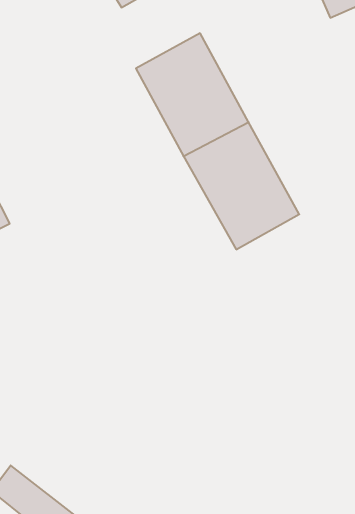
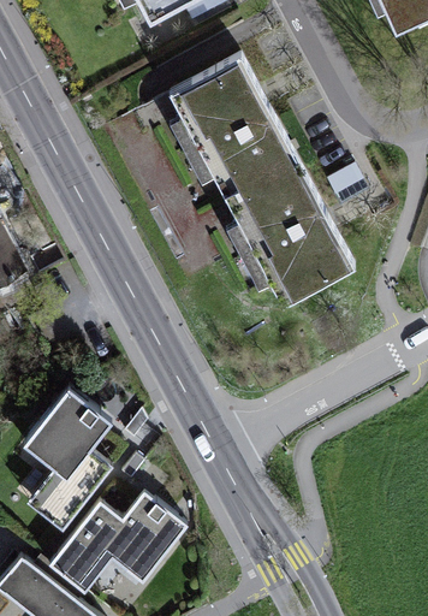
building: none -> [22,386,109,532]
building: none -> [53,494,186,592]

